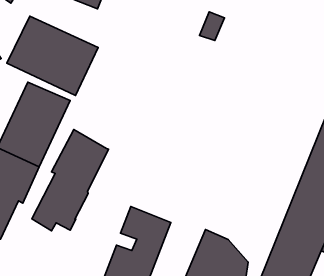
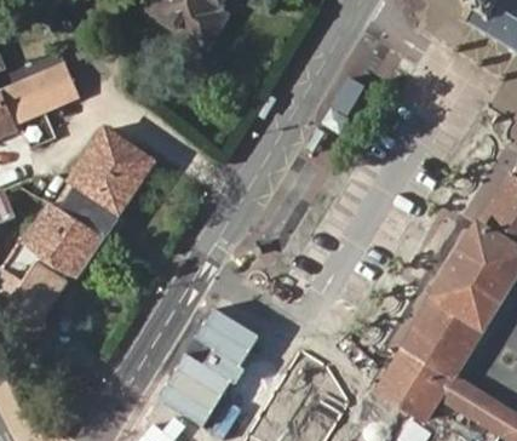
building: [7,16,98,95] -> none
building: [32,129,108,231] -> none

